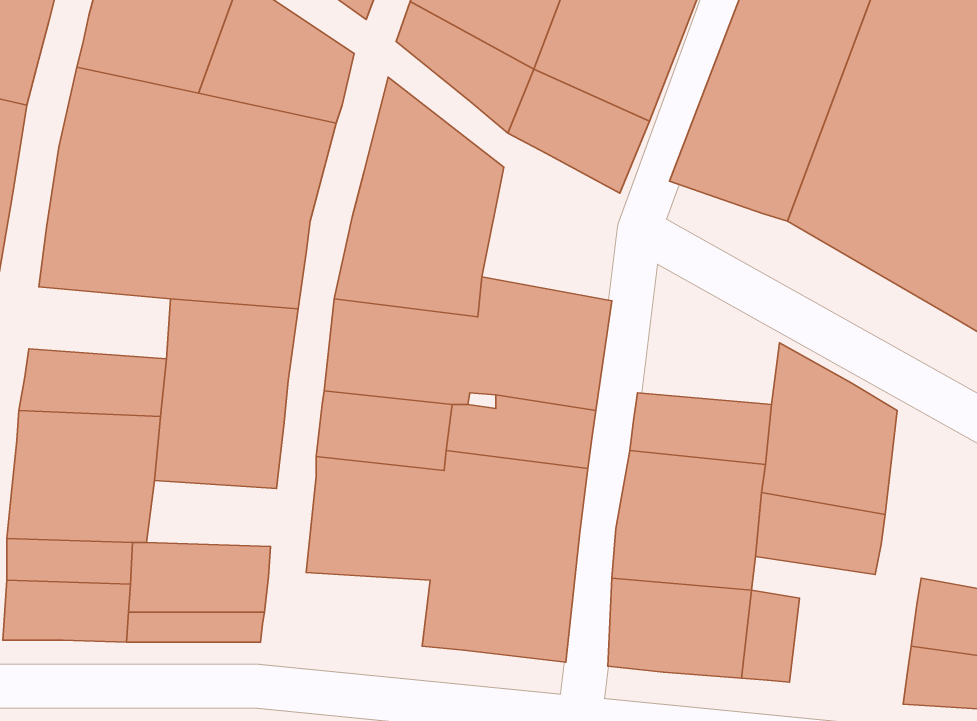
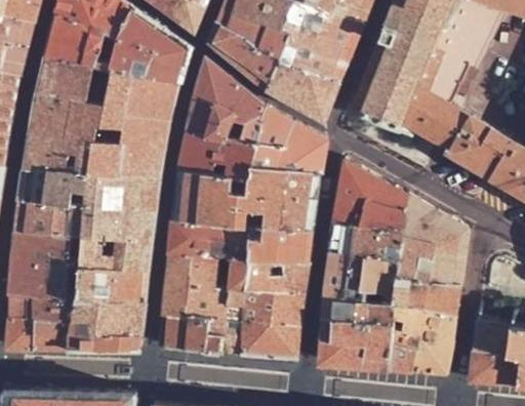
building: none -> [253,106,325,174]
building: none -> [333,160,406,228]
building: none -> [21,167,93,204]
building: none -> [81,267,148,300]
building: none -> [392,306,455,373]
building: none -> [160,314,227,352]

